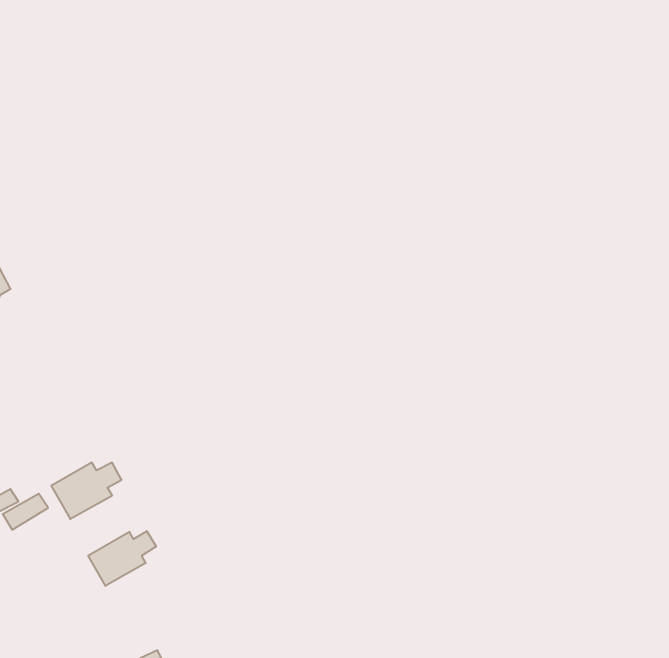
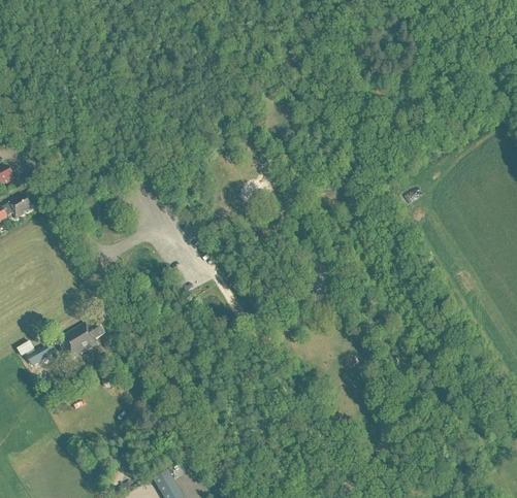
building: [88,531,156,586] -> none

